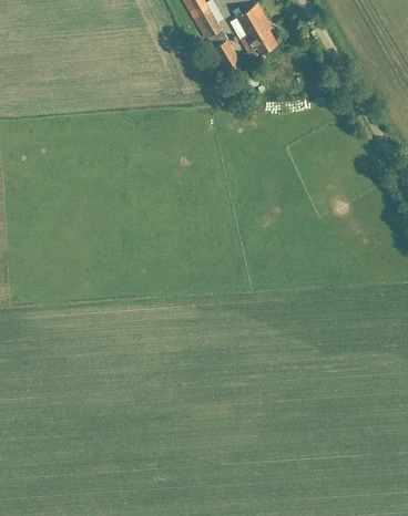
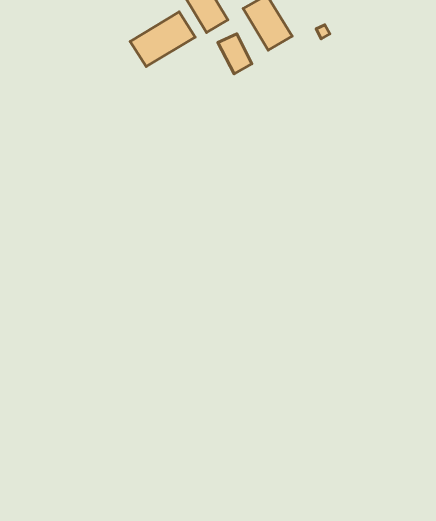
building: none -> [130,12,195,67]

